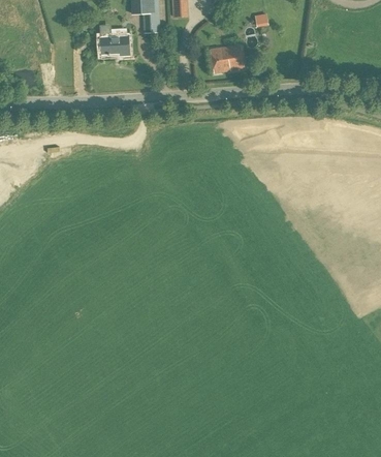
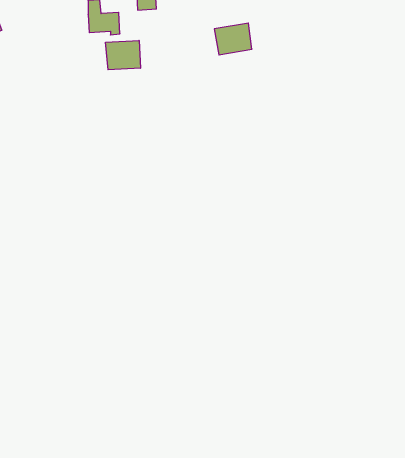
building: none -> [106,40,140,70]

